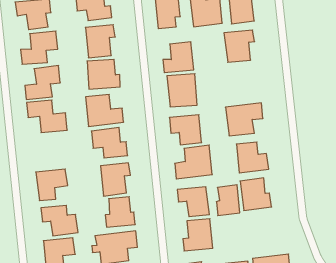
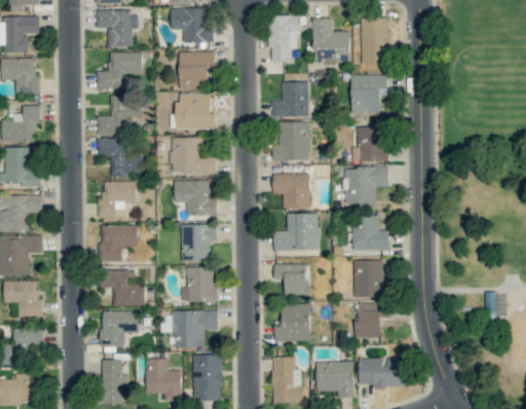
building: none -> [352,126,386,162]
building: none -> [98,181,137,218]
building: [216,185,240,216] -> [354,302,382,338]

